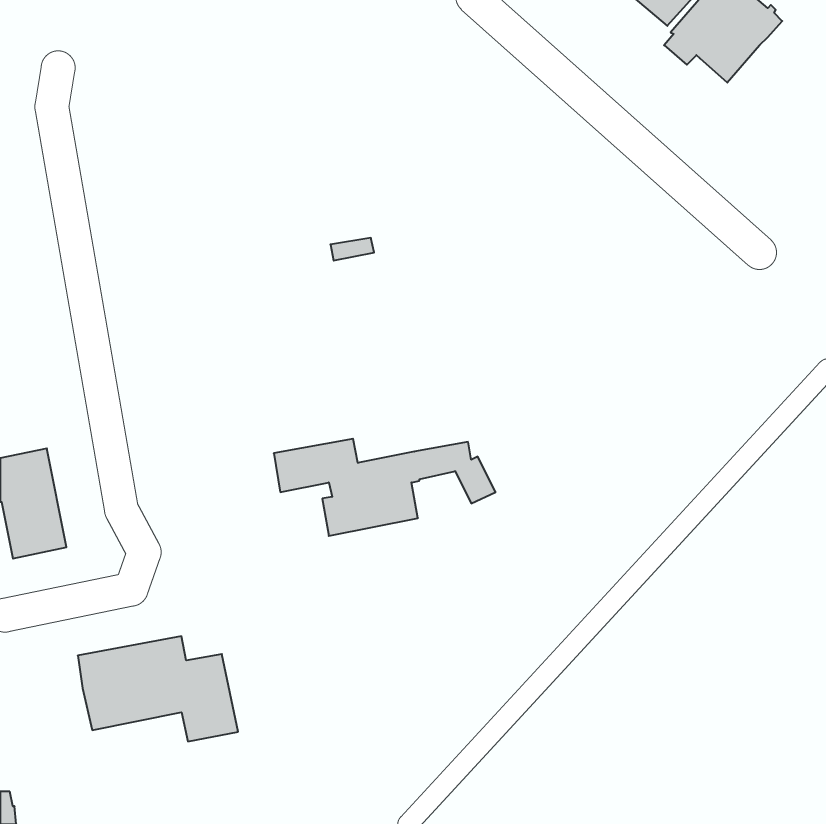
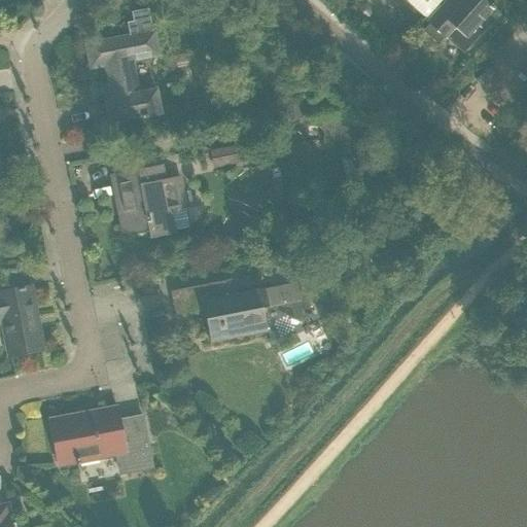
building: none -> [86,7,161,121]
building: none -> [112,165,189,235]

